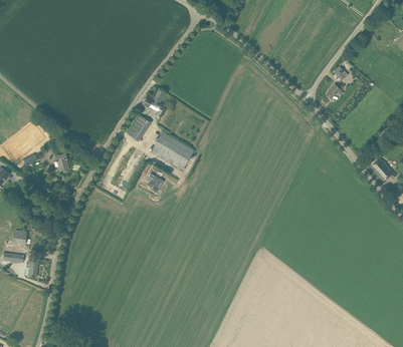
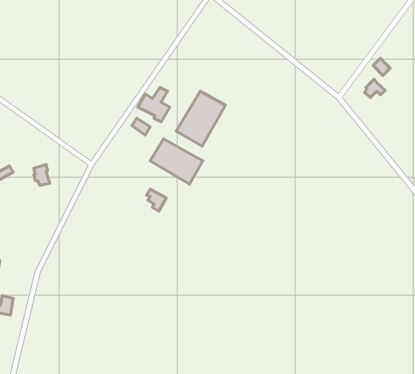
building: none -> [176,91,225,146]

